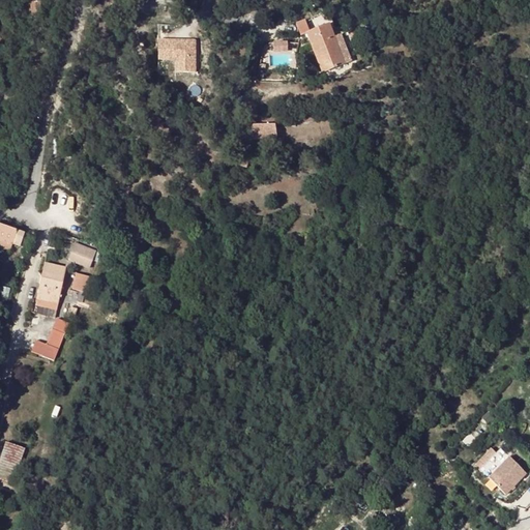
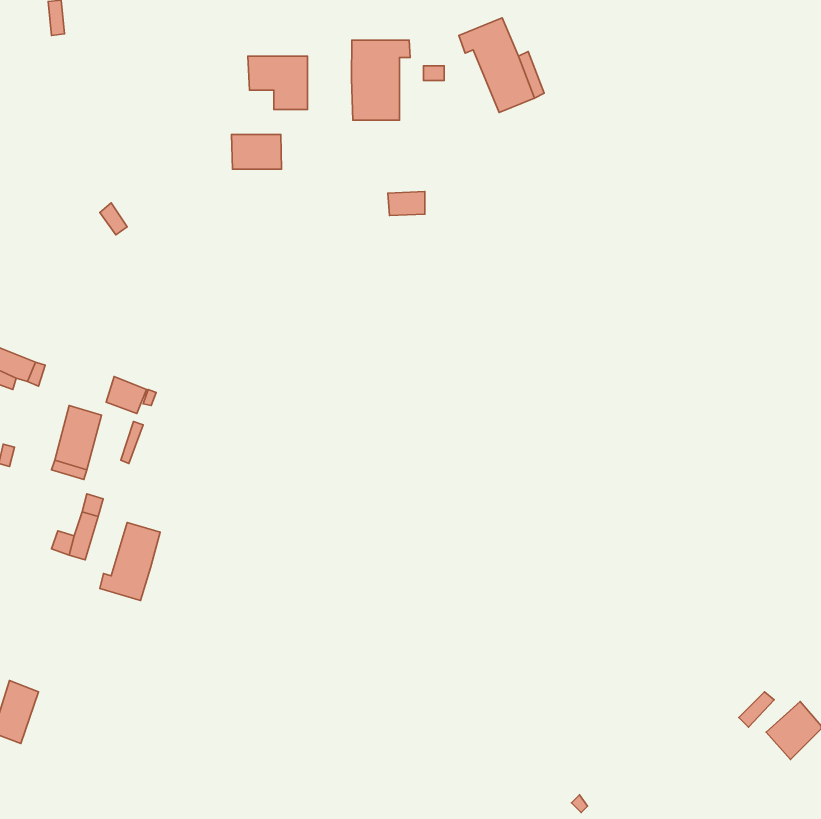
building: none -> [352,40,410,120]
building: none -> [232,135,282,169]
building: none -> [100,522,160,601]

